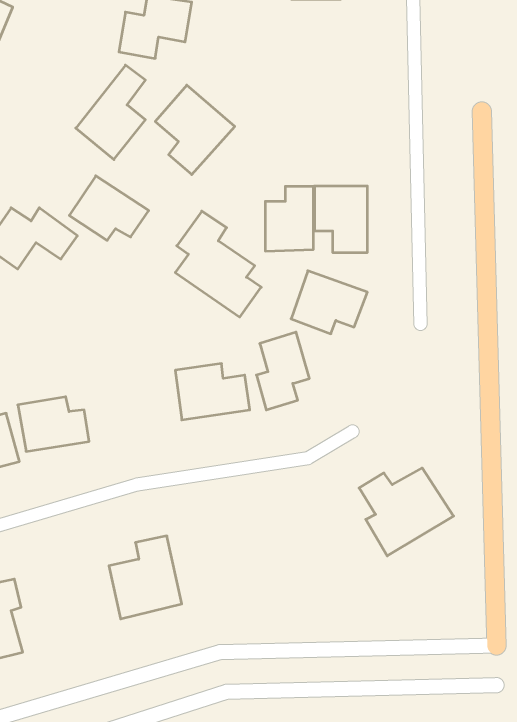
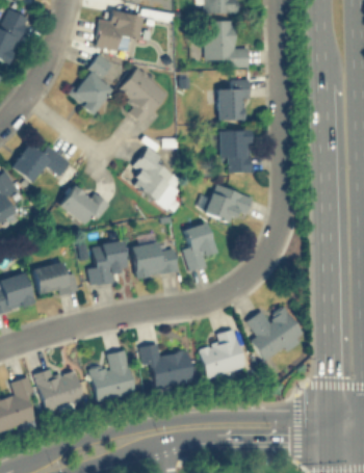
building: none -> [207,21,249,65]
building: [69,176,149,240] -> [60,181,110,221]
building: [265,186,313,251] -> [218,79,249,120]
building: none -> [88,240,128,285]
building: none -> [200,330,245,377]
building: none -> [139,343,194,388]
building: none -> [35,368,85,411]

